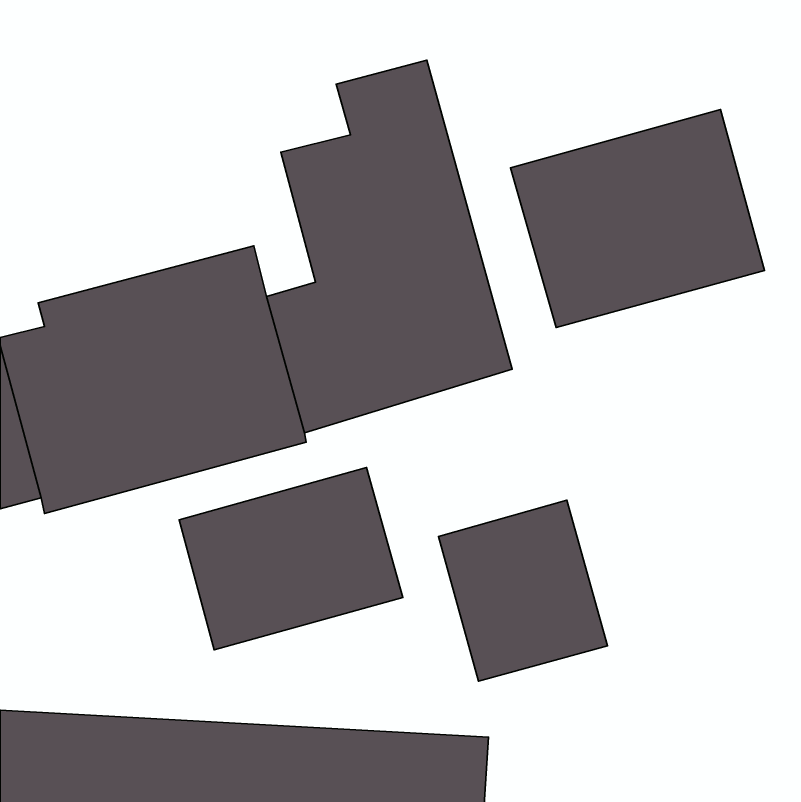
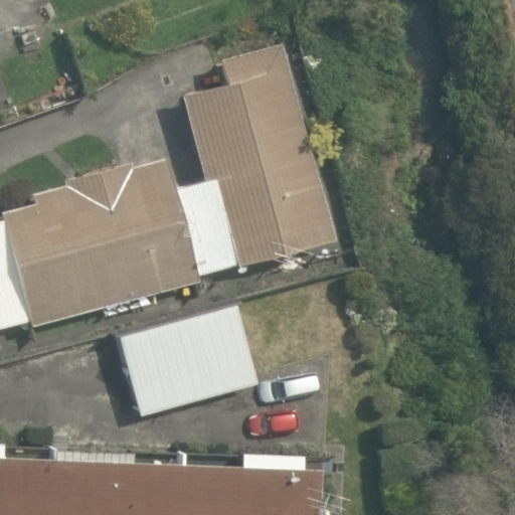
building: [511,110,765,328] -> none
building: [439,500,607,681] -> none

